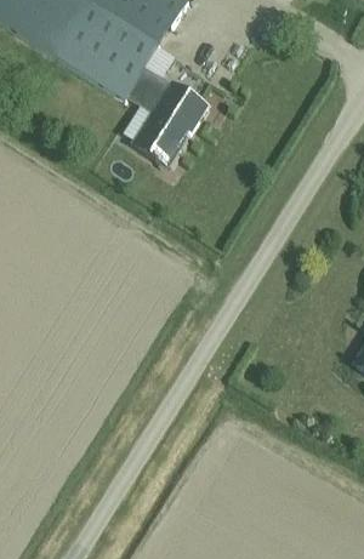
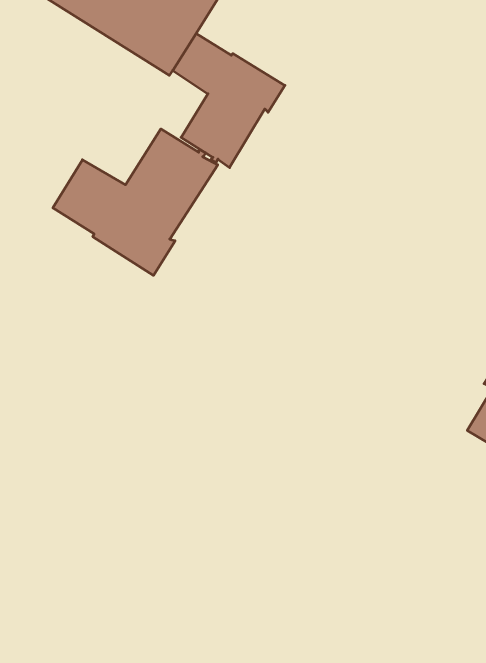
building: none -> [53,129,218,275]

